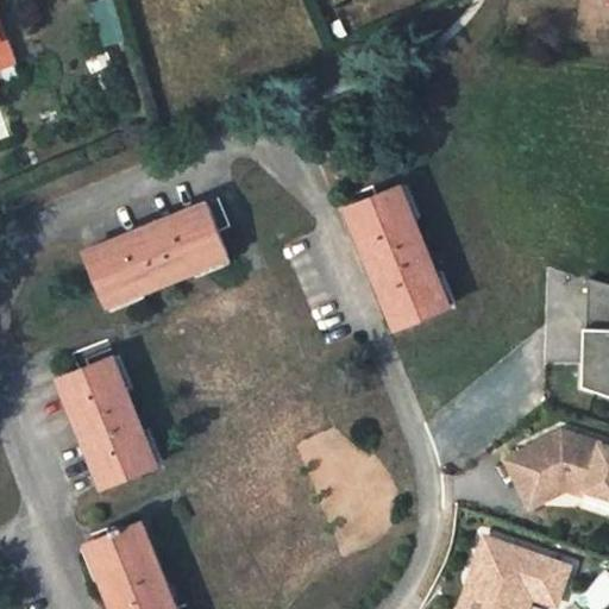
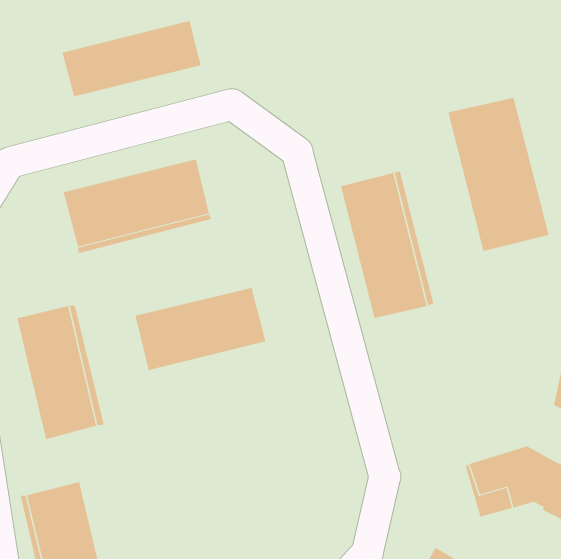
building: none -> [62,20,201,97]
building: none -> [448,97,549,252]
building: none -> [135,287,266,371]

